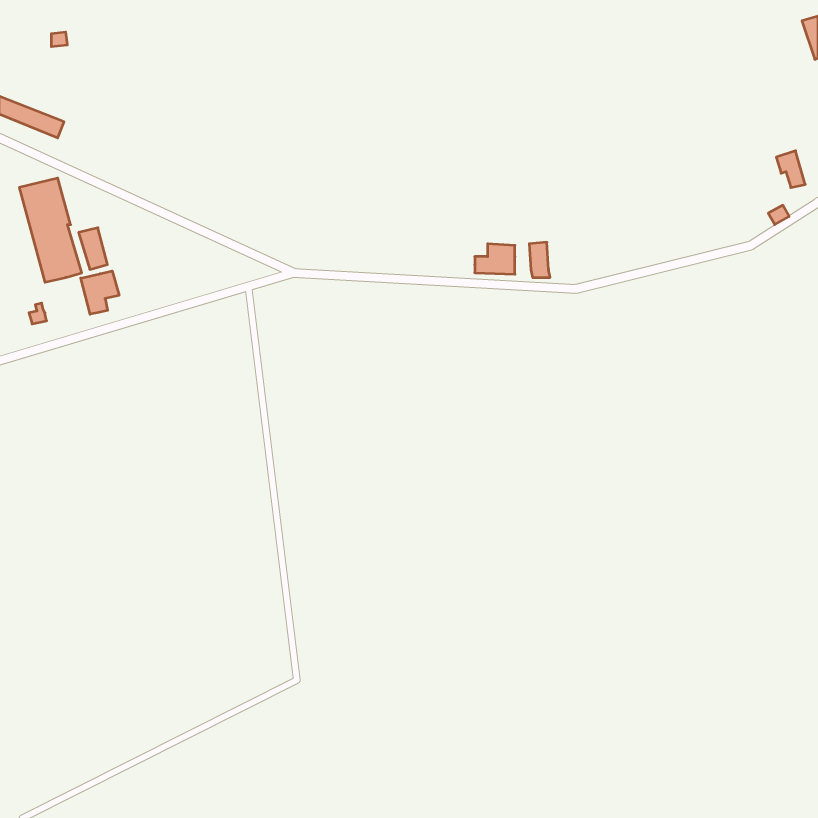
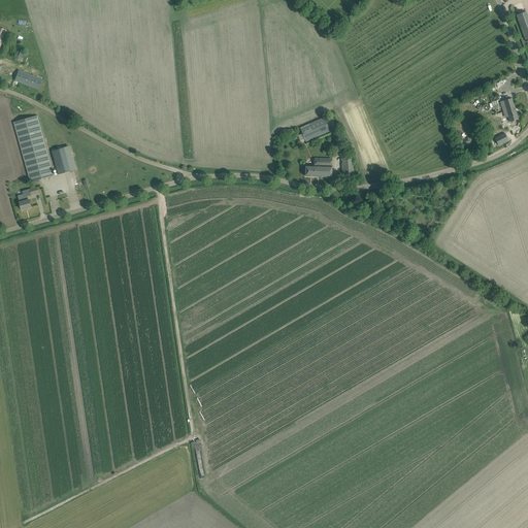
building: none -> [299,117,329,140]
building: [81,271,119,314] -> none

